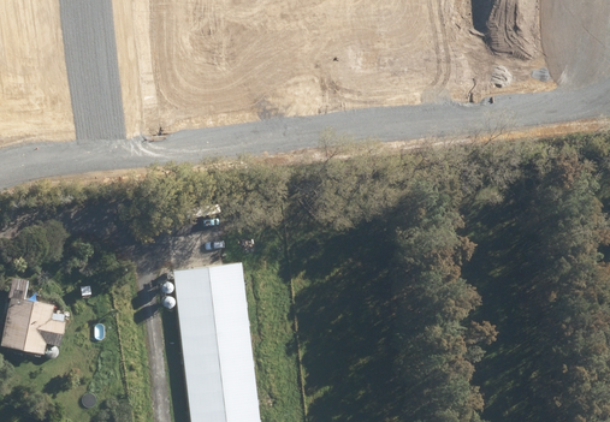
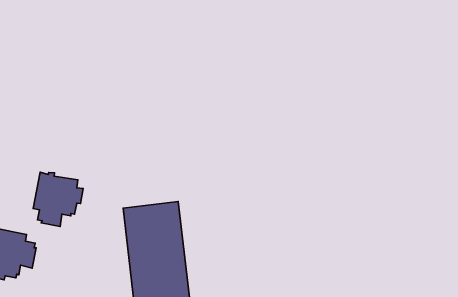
building: none -> [33,172,83,226]

